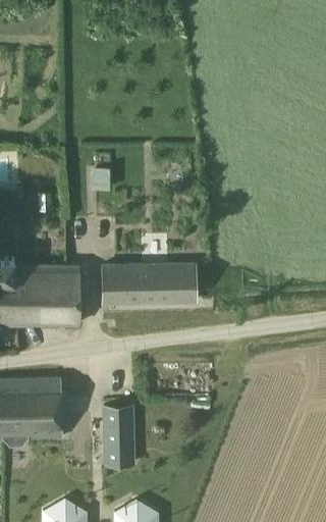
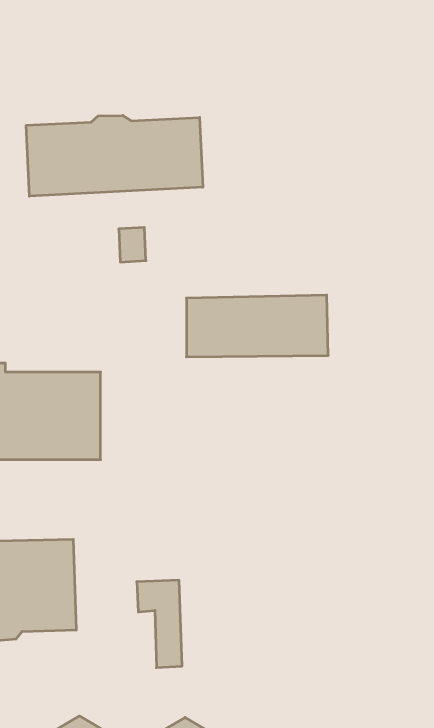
building: none -> [26,115,203,196]
building: [101,263,197,305] -> [186,295,328,357]

